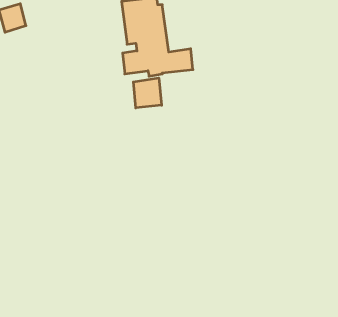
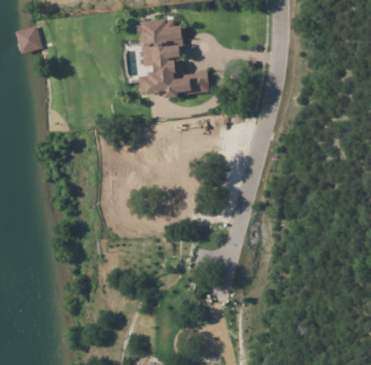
building: [133,78,162,108] -> none

